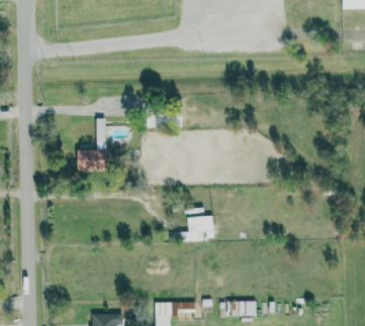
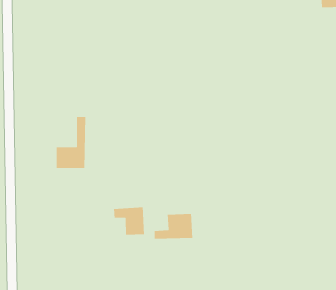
building: none -> [113,206,145,236]

